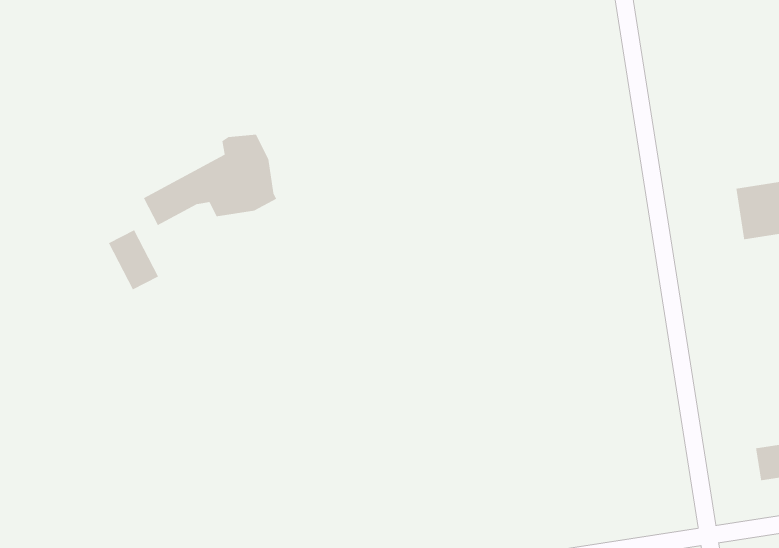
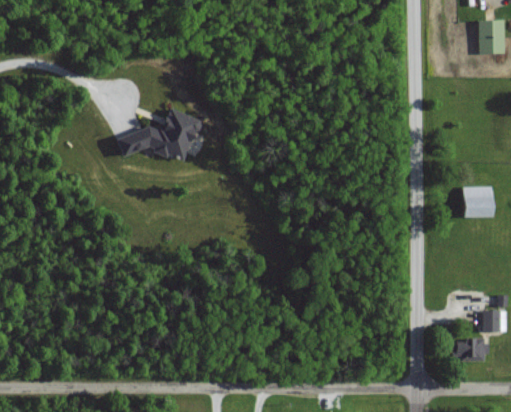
building: [108,229,159,290] -> none

